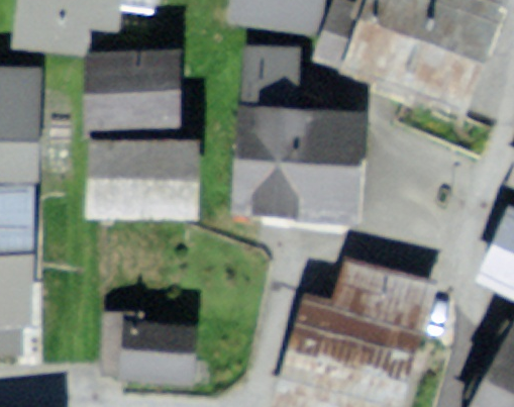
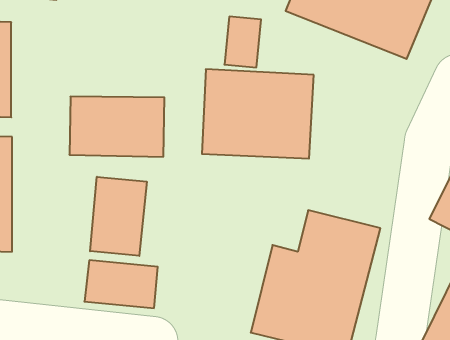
building: [89,49,179,120] -> none
building: none -> [90,177,147,256]

